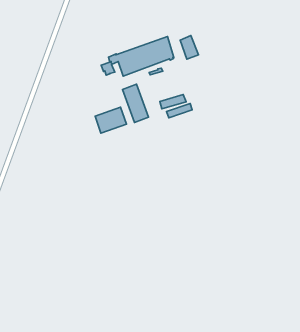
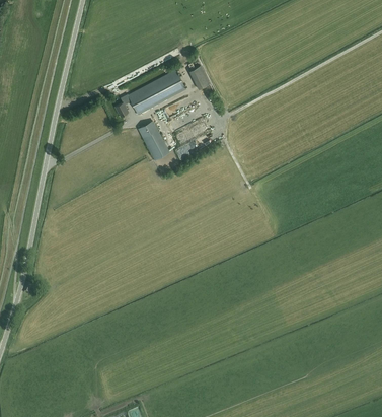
building: [95,107,126,133] -> none

